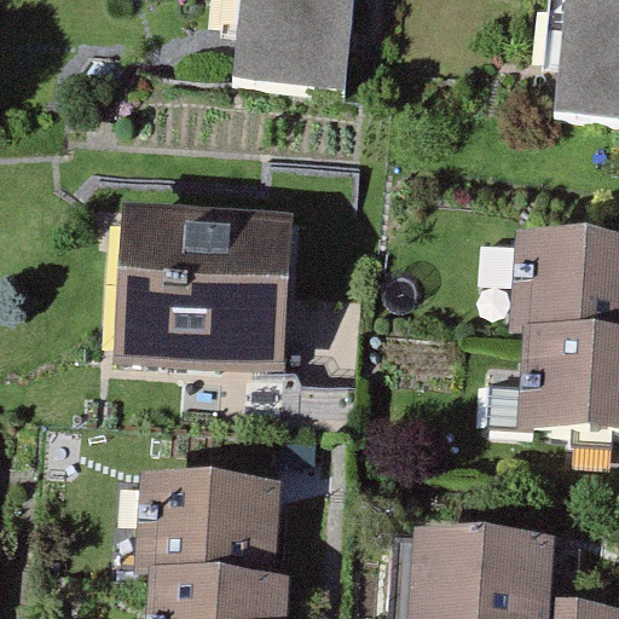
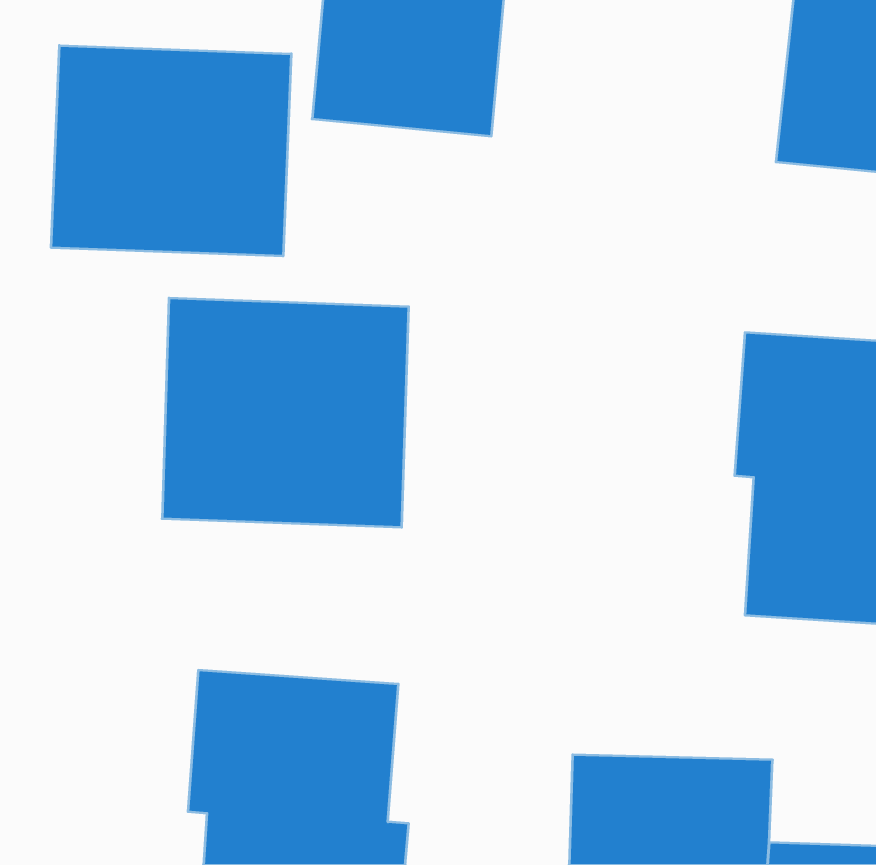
building: none -> [51,45,291,256]

